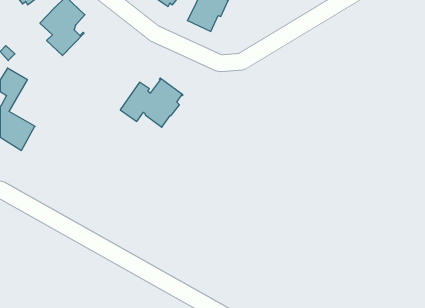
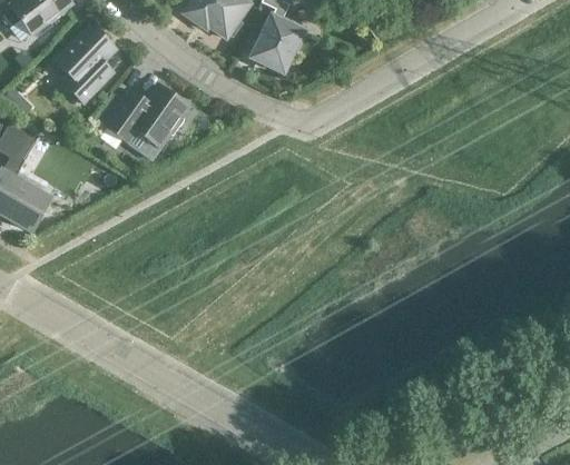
building: [120,78,183,127] -> [104,83,187,149]

